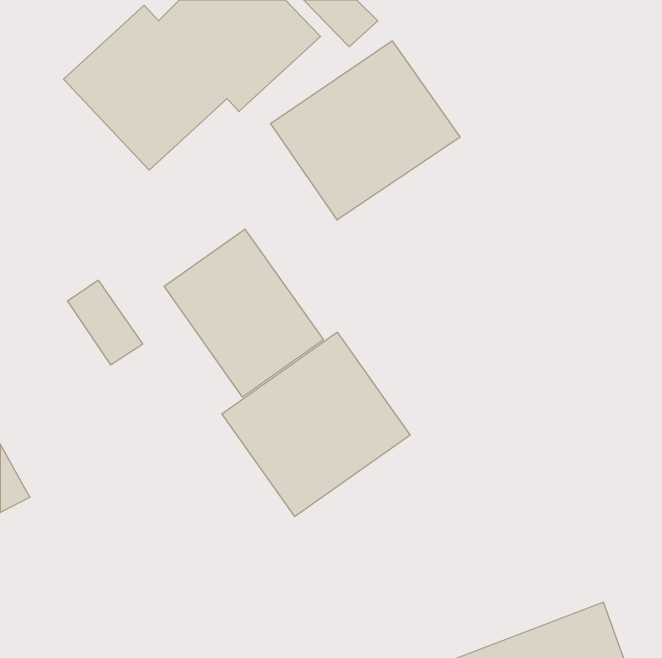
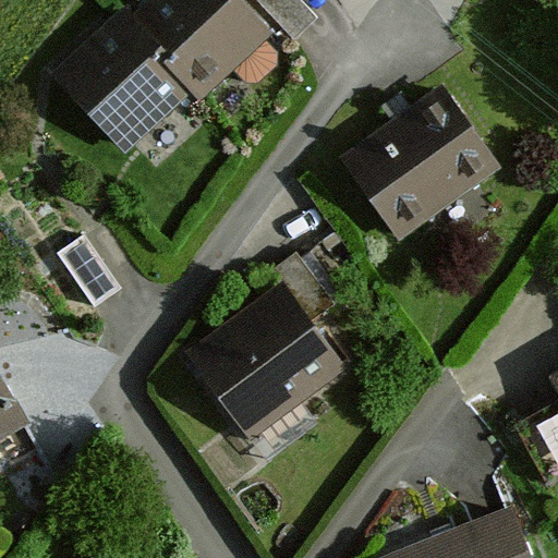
building: [271,41,460,220] -> [342,88,501,239]
building: [164,229,323,397] -> none

